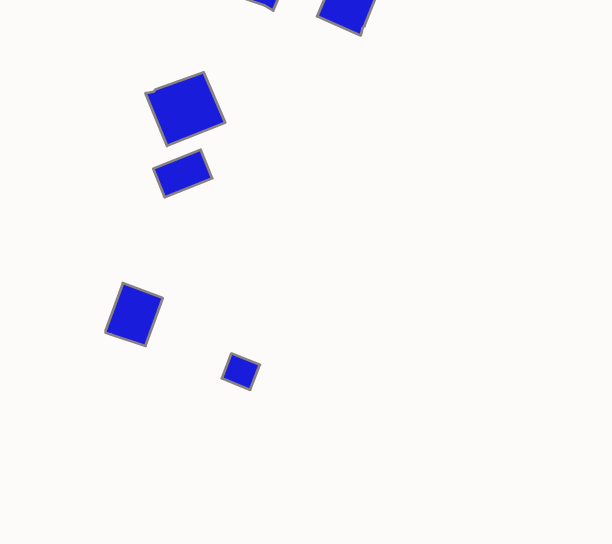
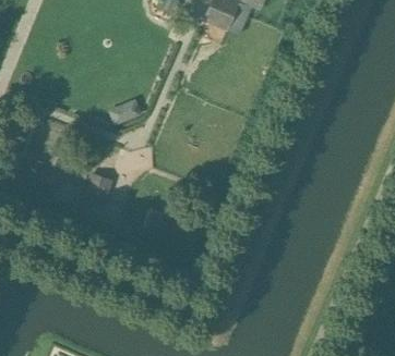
building: [146,72,225,146] -> none

